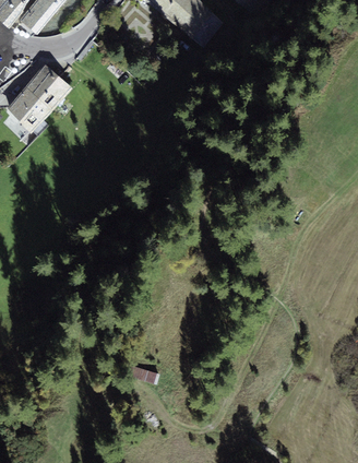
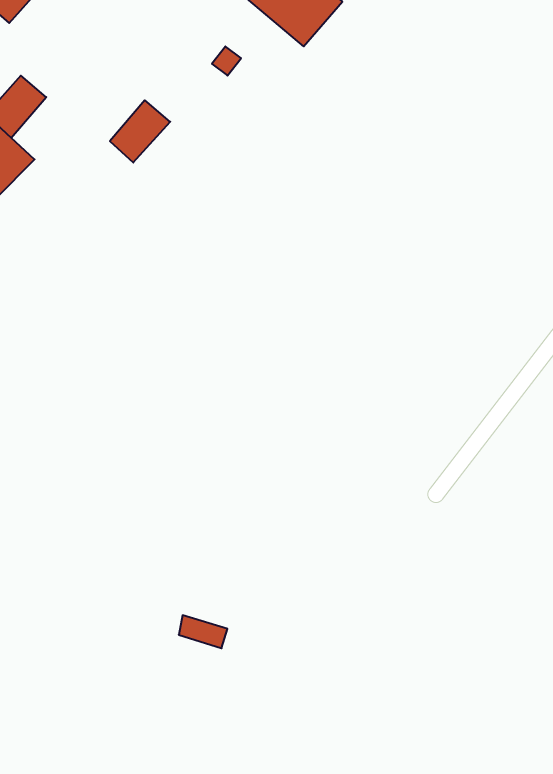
building: [37,73,71,108] -> [110,100,170,163]

